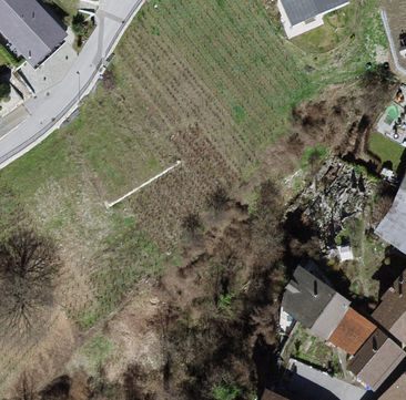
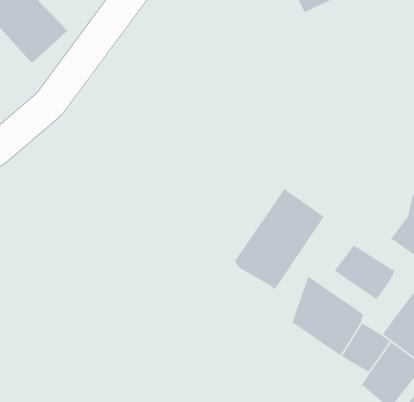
building: none -> [234,188,325,290]
building: none -> [334,245,396,300]

